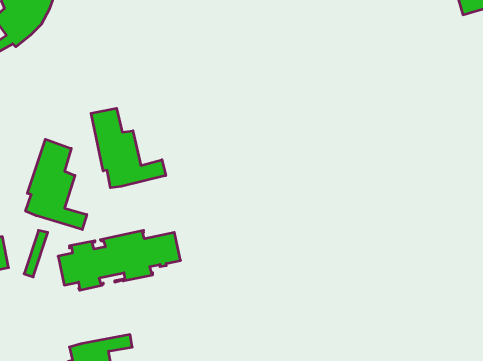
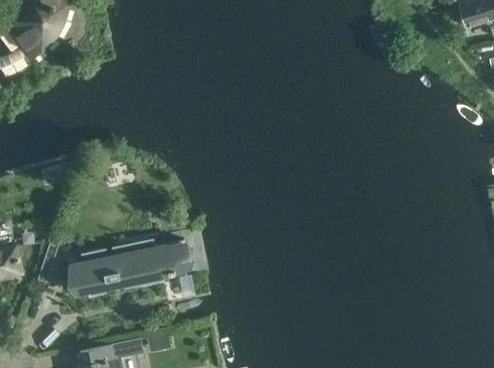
building: [91,108,166,188] -> none
building: [26,139,87,230] -> none

